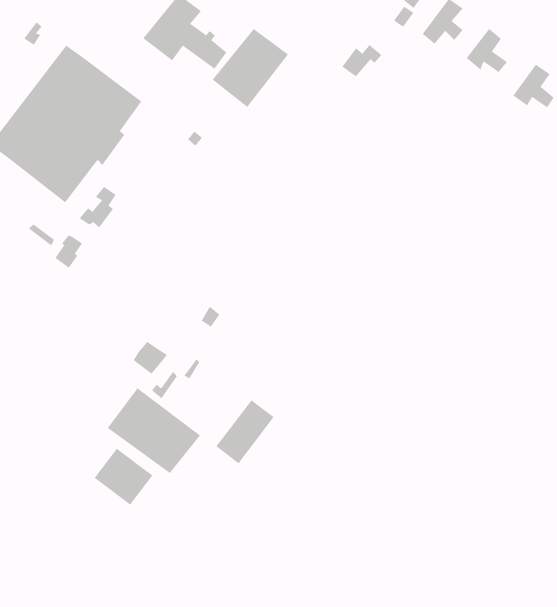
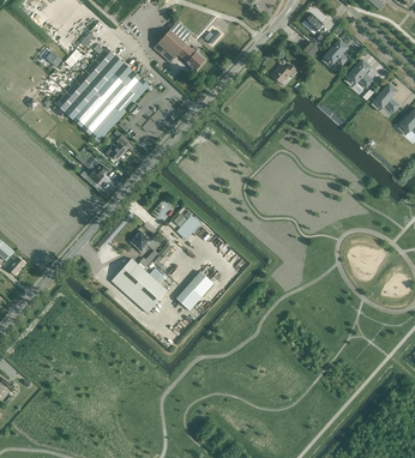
building: [212,28,289,108] -> none
building: [94,448,153,505] -> none

